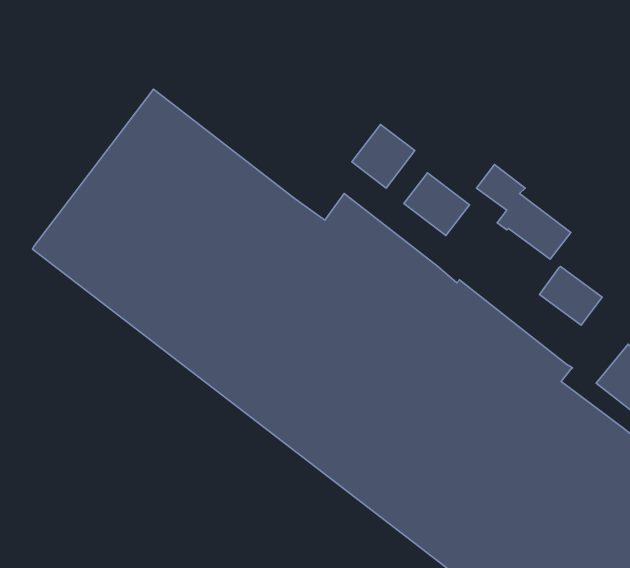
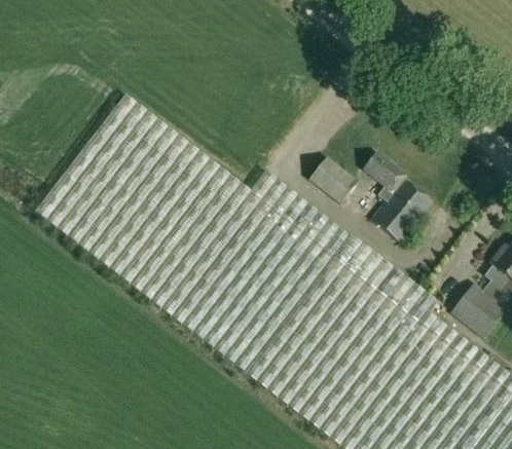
building: [352,124,415,188] -> none
building: [540,267,602,325] -> [373,196,419,239]

